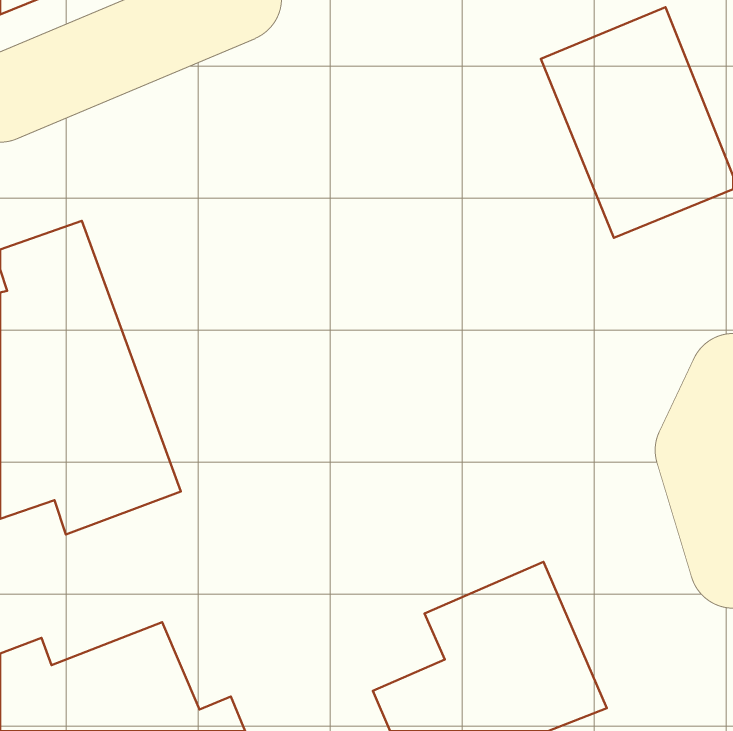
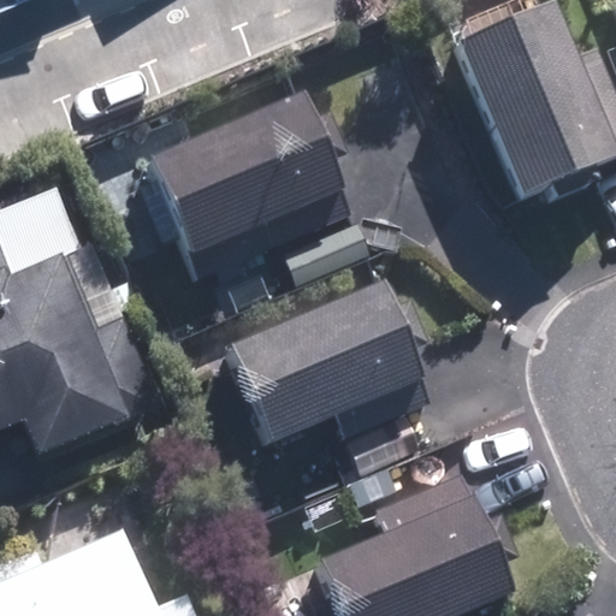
building: none -> [137,93,344,260]
building: none -> [227,289,417,442]

